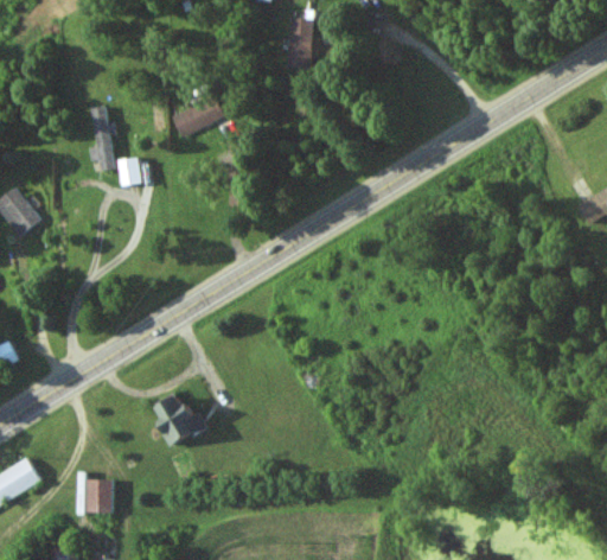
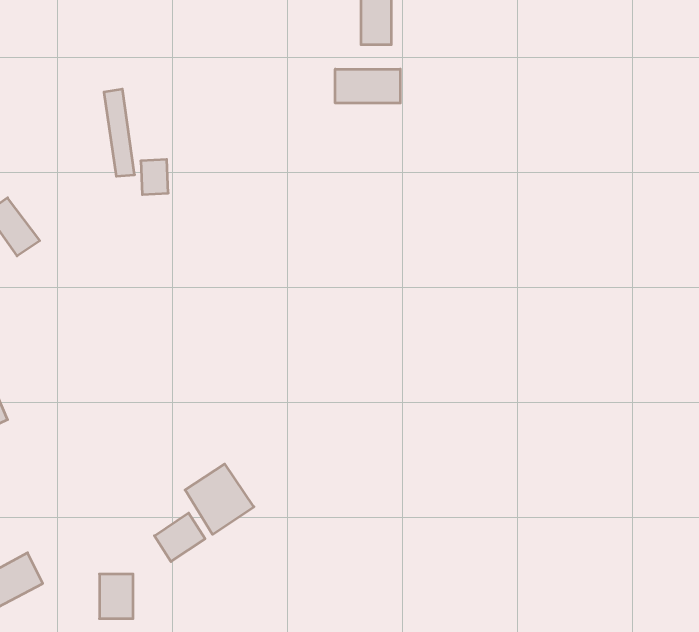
building: none -> [335,69,400,103]
building: [171,95,224,135] -> none
building: none -> [154,513,205,562]

